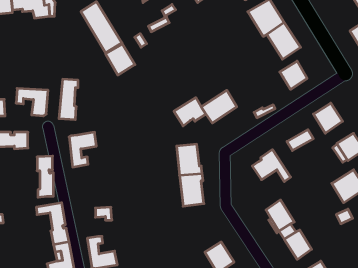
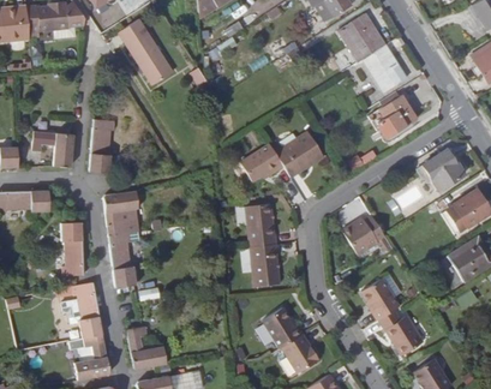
building: [106,44,135,75] -> none
building: none -> [108,232,137,287]
building: none -> [264,309,304,348]

